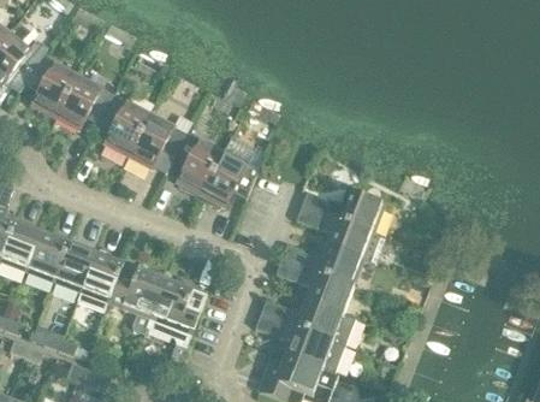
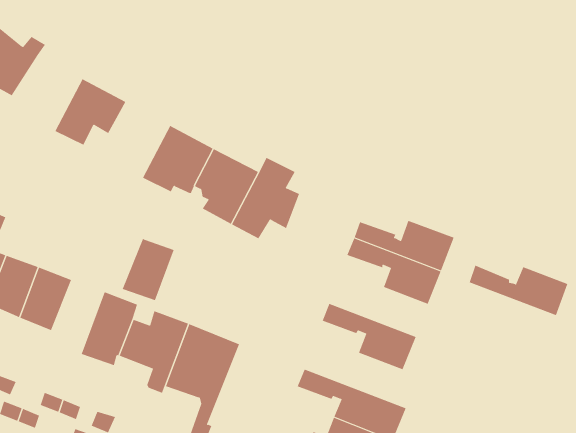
building: [19,54,77,117] -> none
building: [99,93,149,155] -> none
building: [52,240,95,291] -> [122,238,174,301]
building: [280,244,362,286] -> [469,265,568,316]
building: [260,298,355,345] -> none

